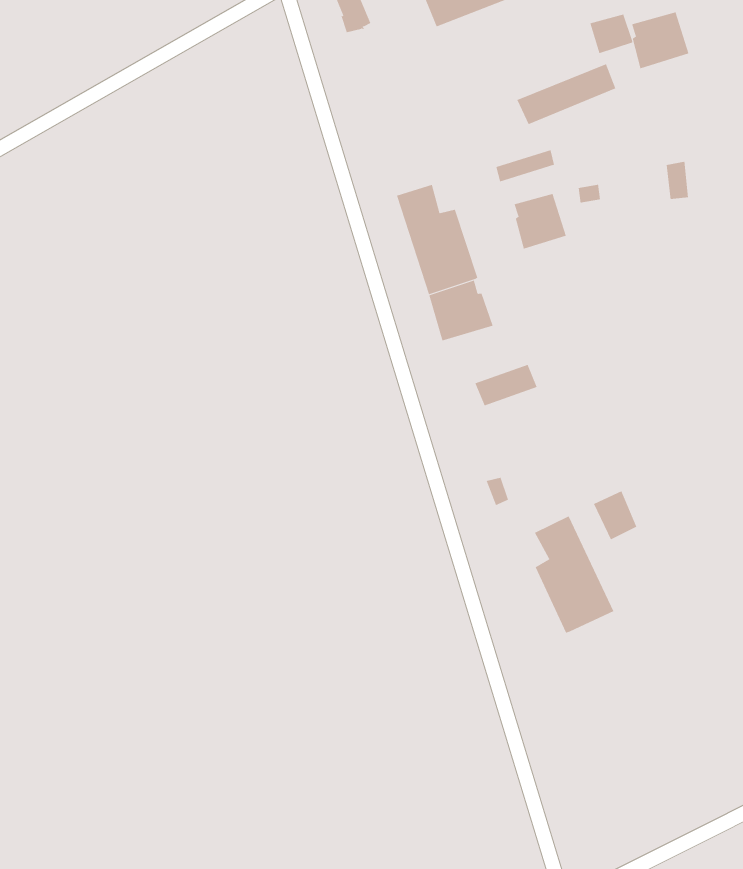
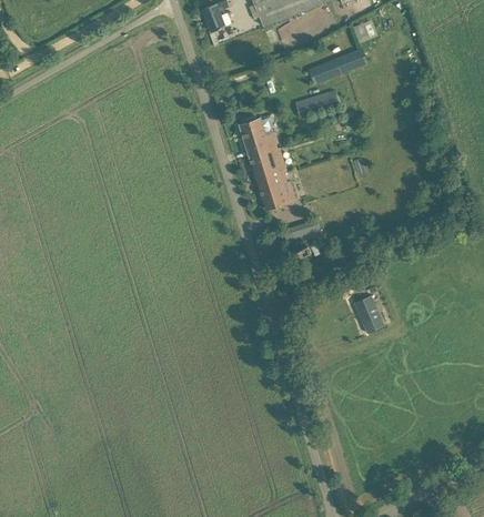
building: [631,12,689,69] -> none
building: [514,193,566,250] -> none
building: [534,516,614,633] -> none

